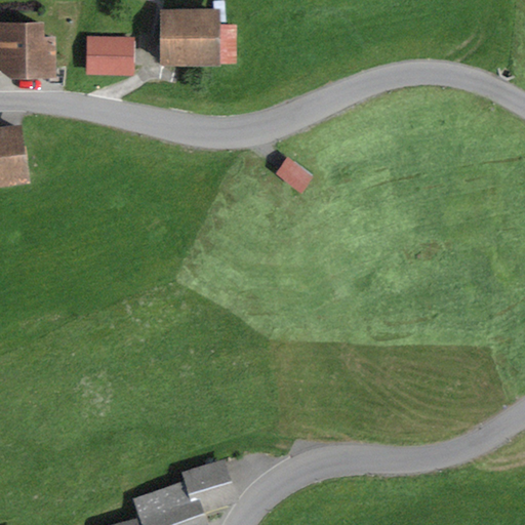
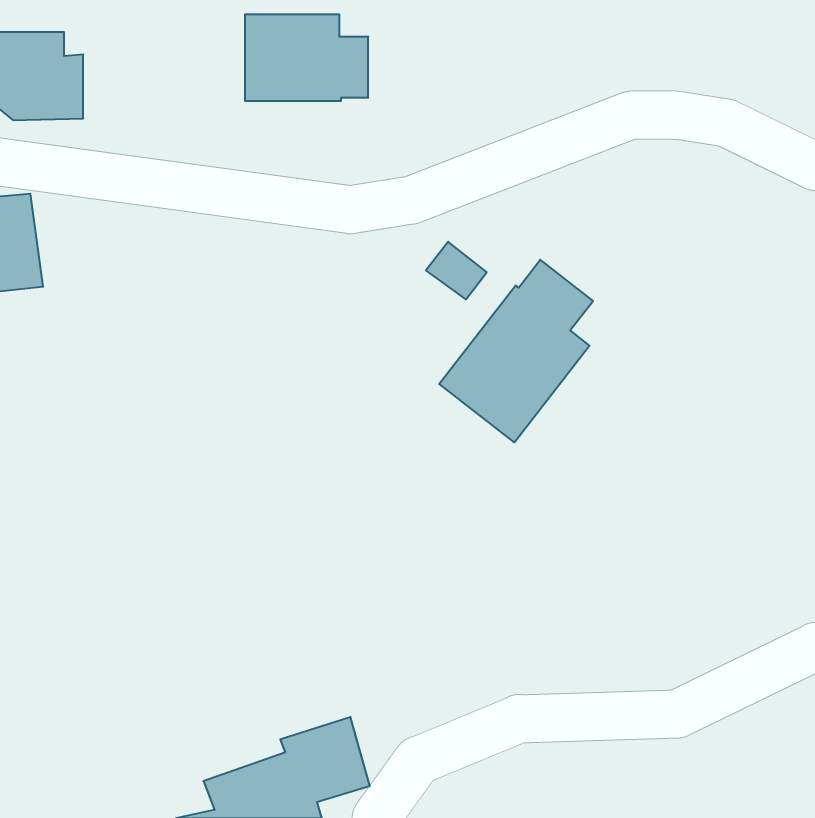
building: [84,36,132,75] -> none
building: none -> [439,260,593,442]

